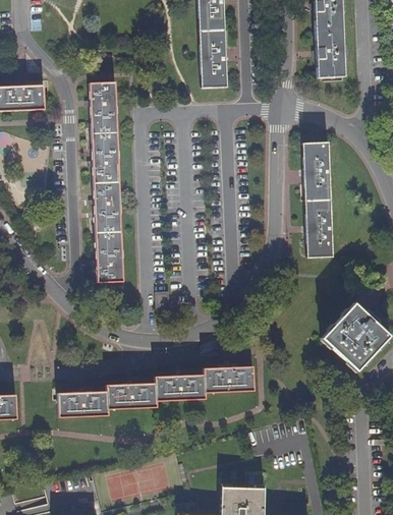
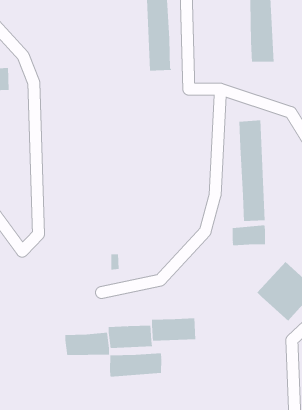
building: [90,80,123,281] -> none
building: none -> [232,225,266,246]
building: [58,391,108,417] -> none
building: none -> [109,353,162,377]

